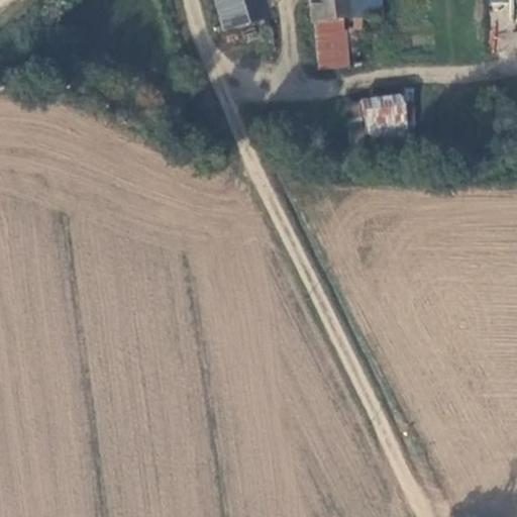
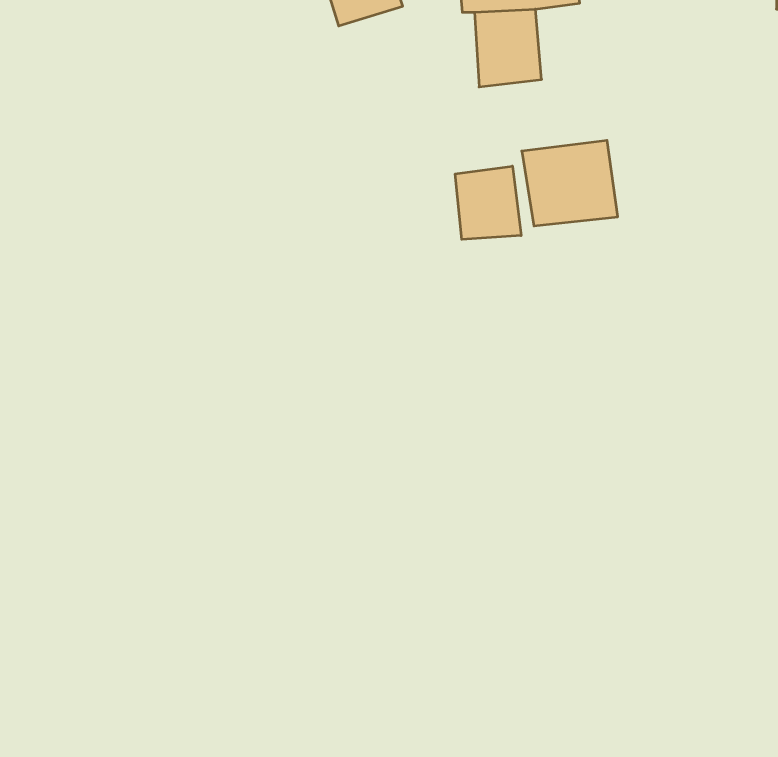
building: none -> [455,166,521,239]

